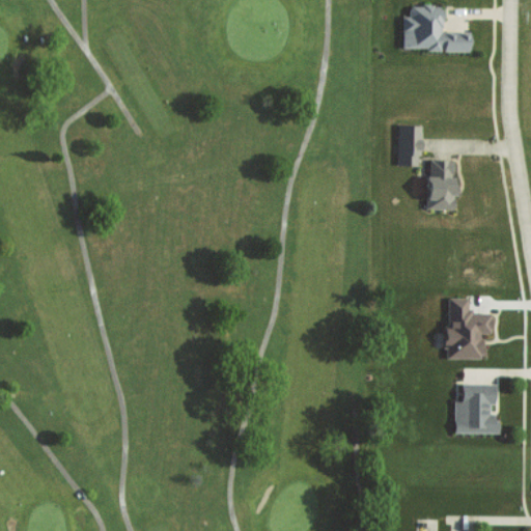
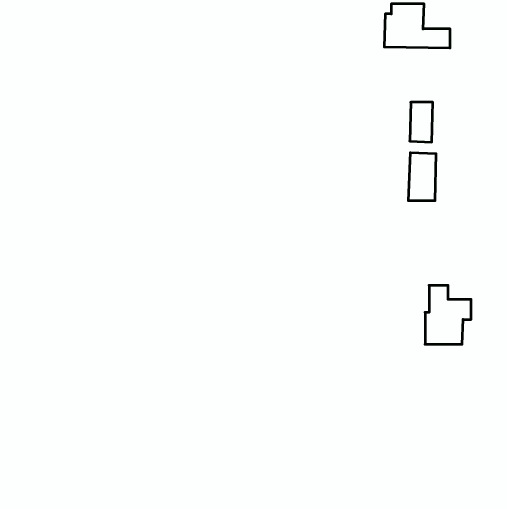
building: [398,125,422,167] -> [410,102,433,142]
building: [455,384,499,434] -> none

